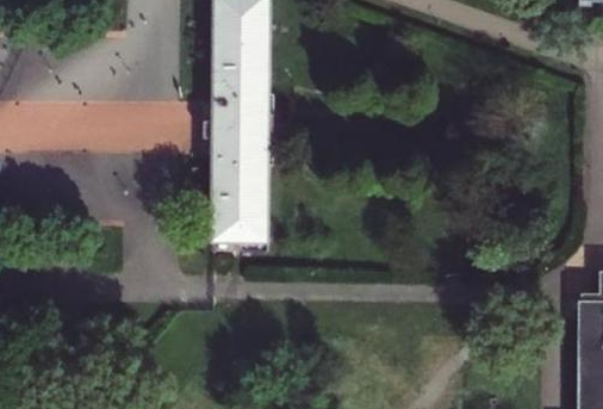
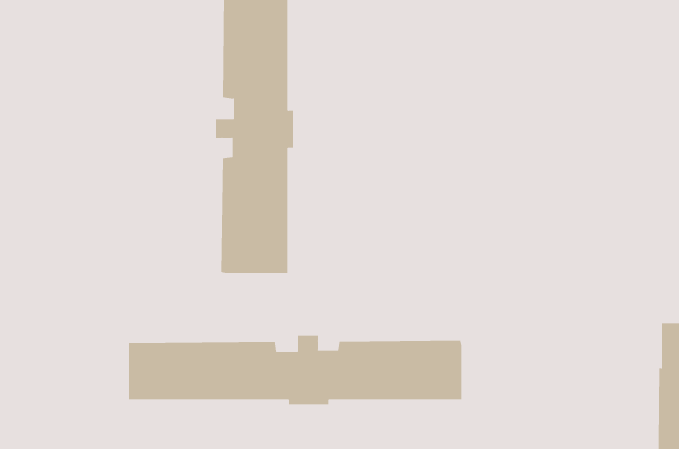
building: none -> [129,335,462,405]

